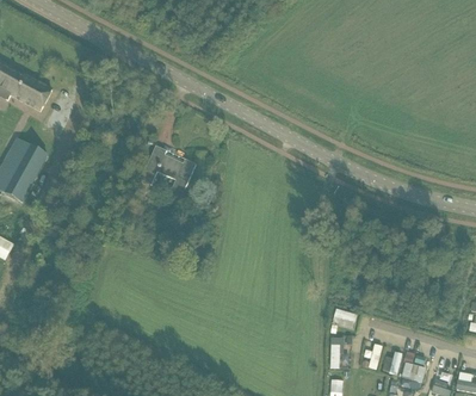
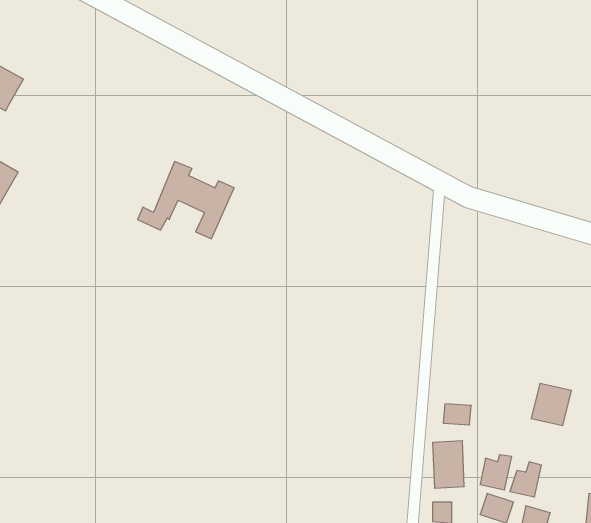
building: [400,354,427,383] -> [531,383,572,426]

